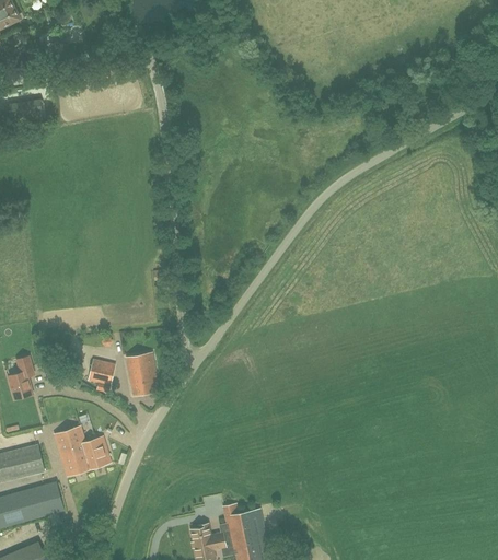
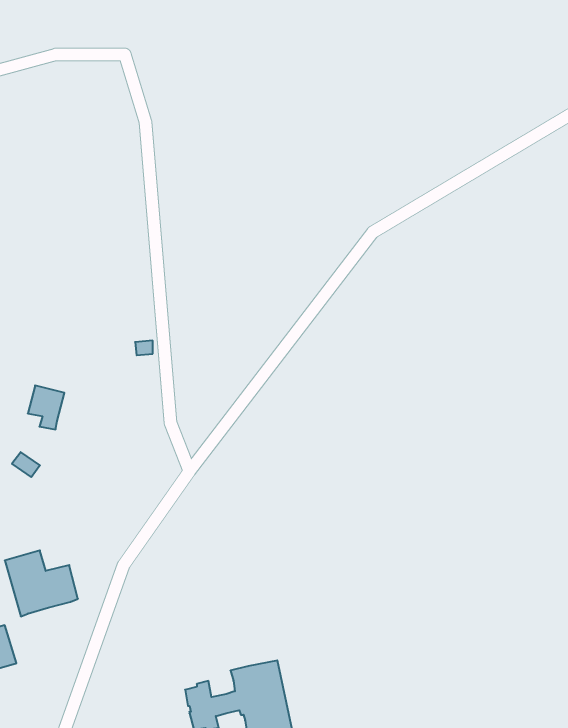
building: [125,352,158,395] -> none
building: [86,359,114,392] -> [28,385,64,429]

